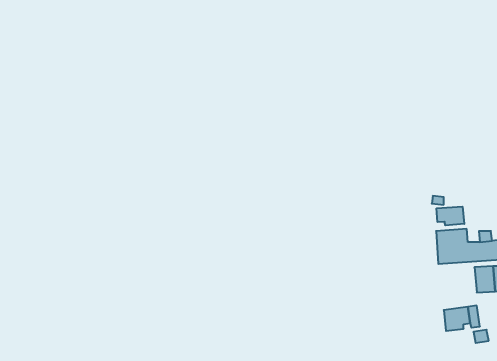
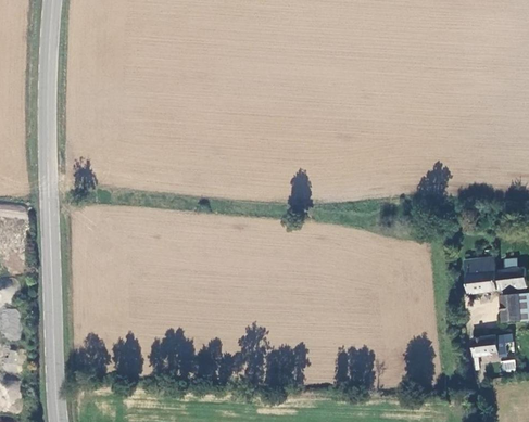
building: [437,207,464,225] -> none

